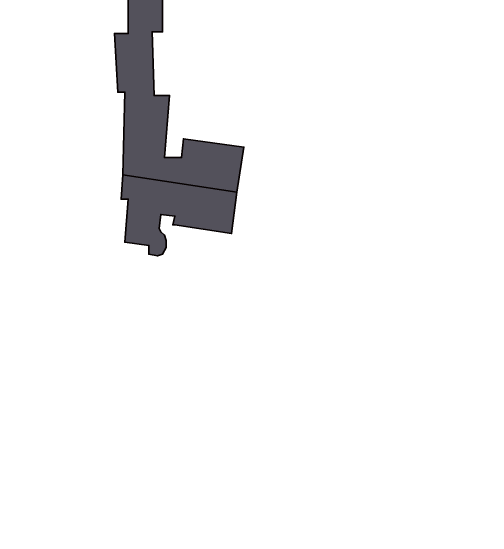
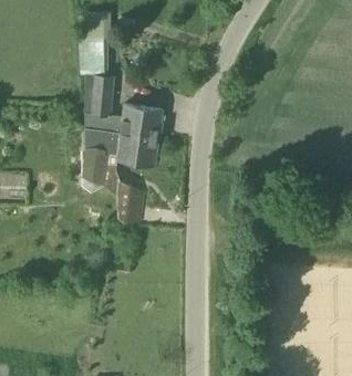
building: none -> [120,189,144,221]

